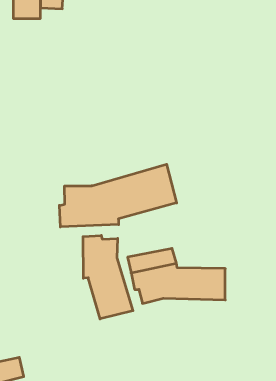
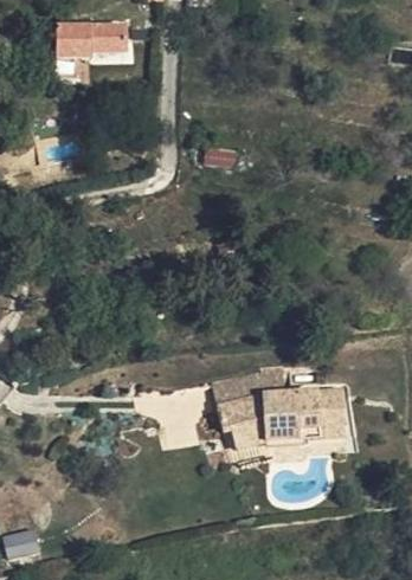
building: [59,164,177,227] -> none
building: [83,235,133,319] -> none

